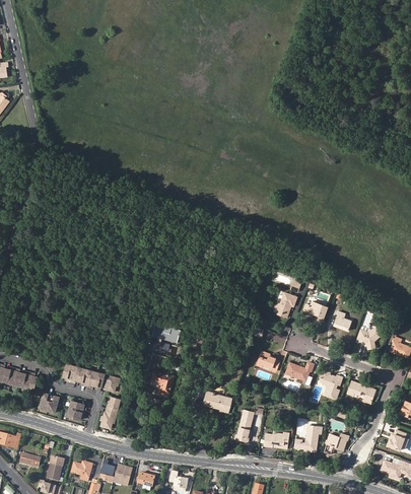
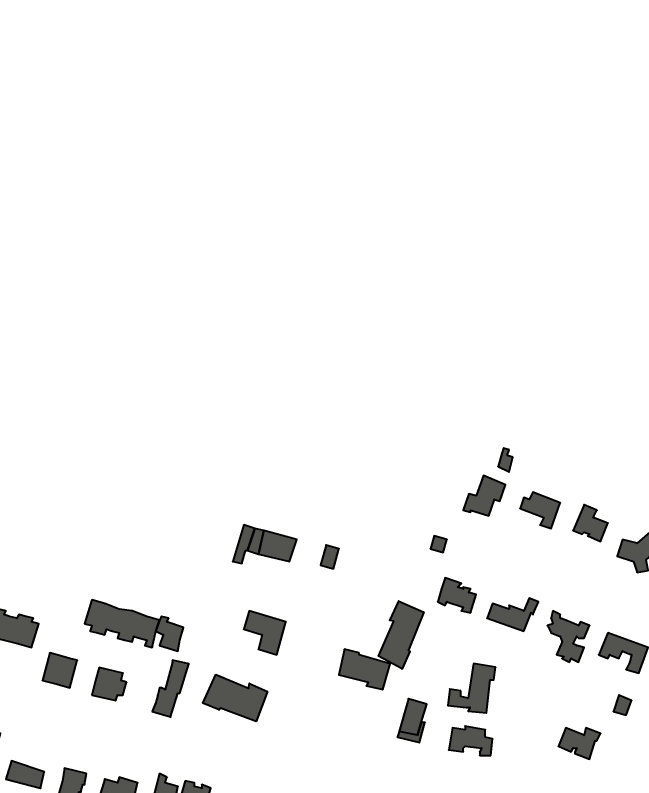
building: none -> [378,601,424,669]
building: none -> [203,675,267,721]
building: [295,424,322,451] -> [448,664,496,713]

